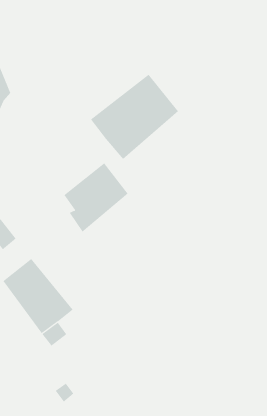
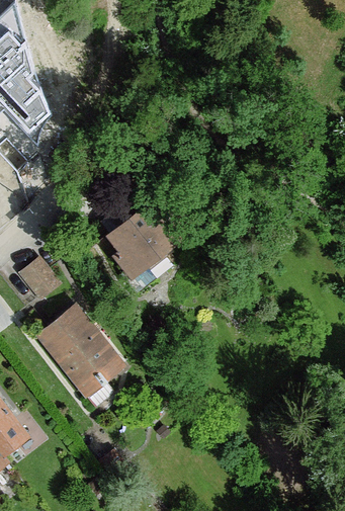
building: [90,74,179,160] -> none

